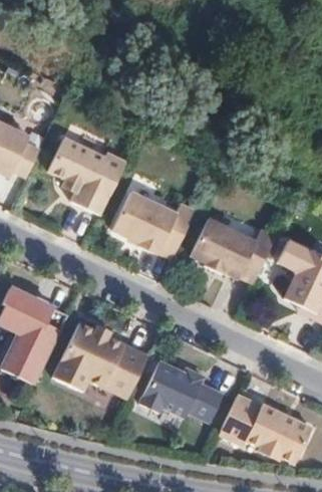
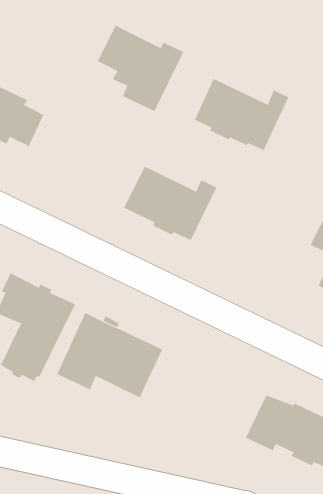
building: [48,138,125,215] -> [97,25,184,112]
building: [191,218,275,282] -> [194,78,289,151]
building: [140,358,225,423] -> none

